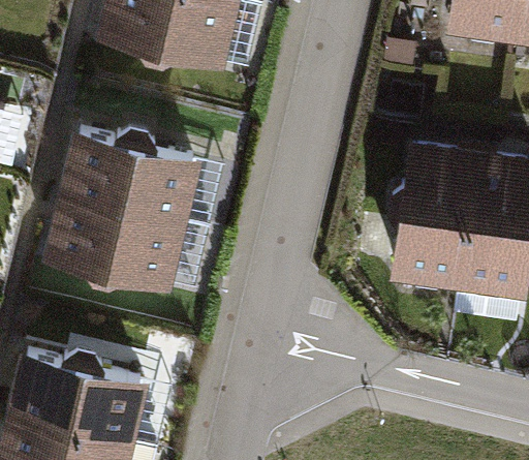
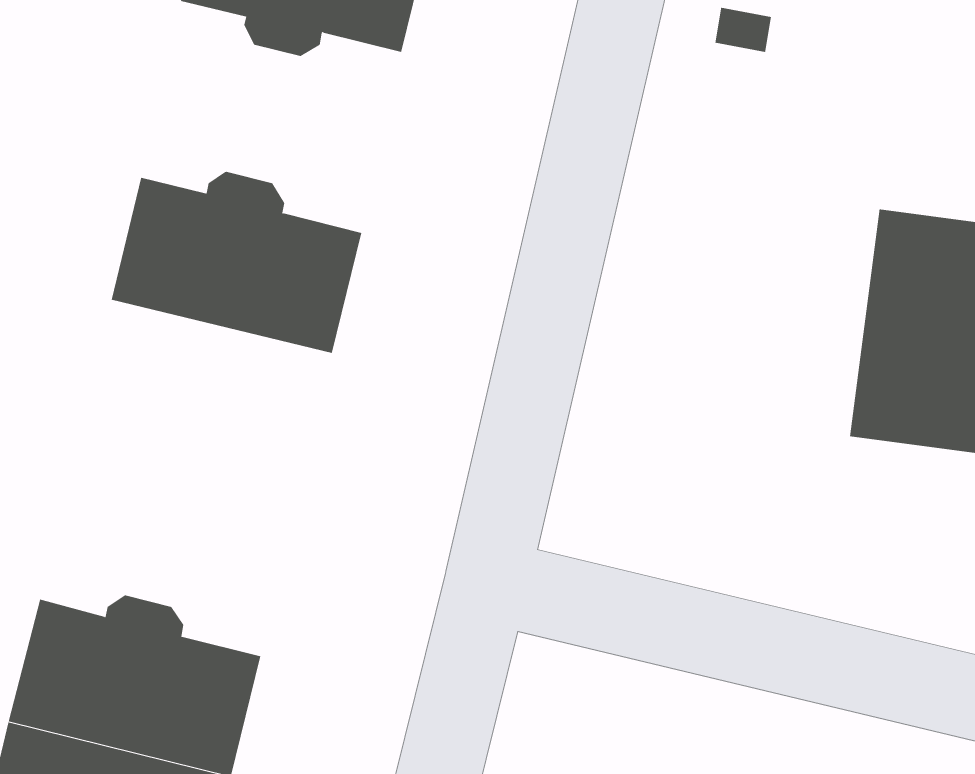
building: [387,143,472,271] -> none
building: [55,200,187,293] -> none

